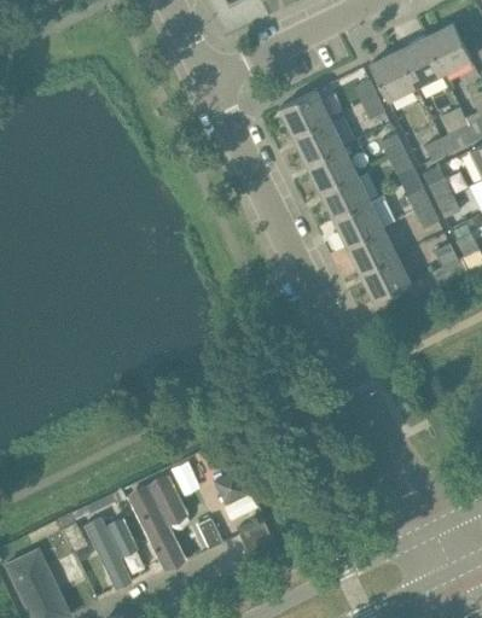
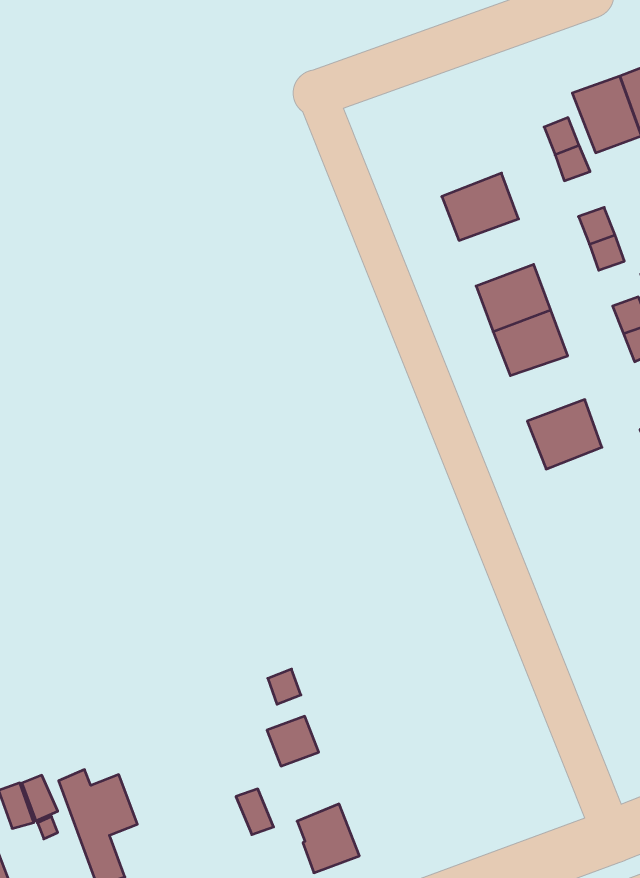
building: [280,91,330,136] -> none
building: [307,146,355,191] -> none
building: [347,229,395,273] -> none
building: [128,476,188,569] -> none

